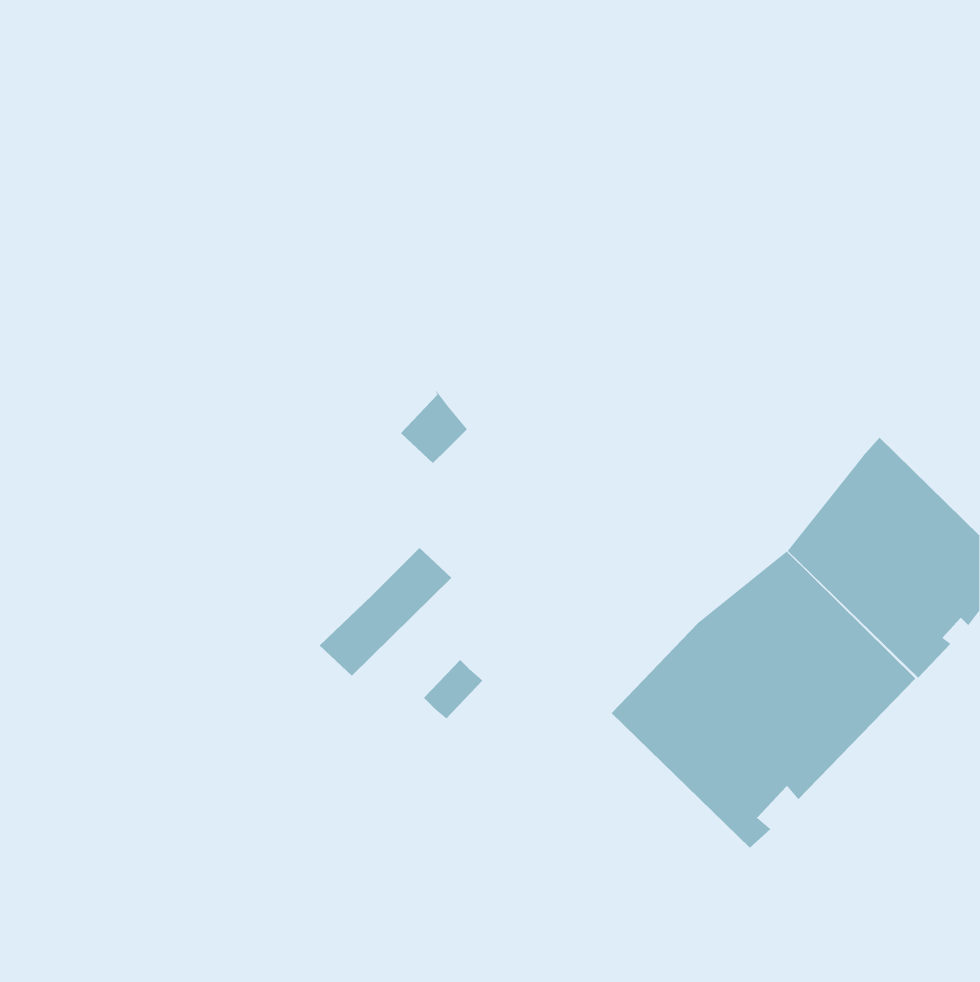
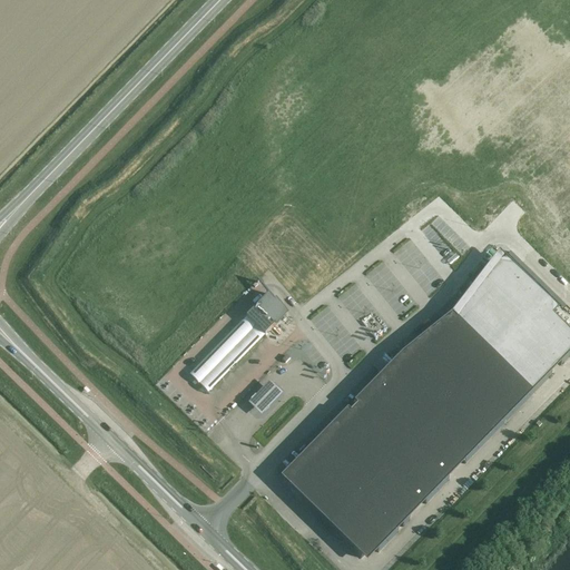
building: [400,391,468,464] -> [242,291,281,333]
building: none -> [287,411,432,556]

